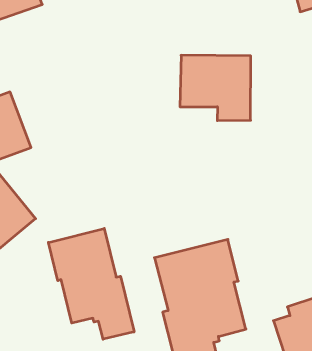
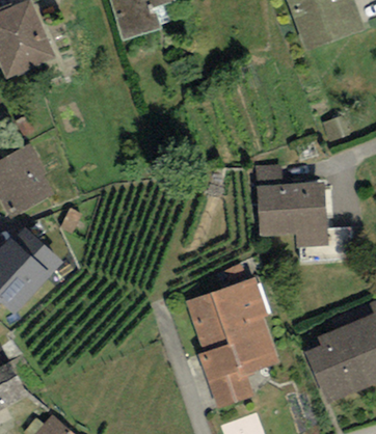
building: [180,55,251,121] -> [257,180,329,245]
building: [48,228,134,339] -> none

